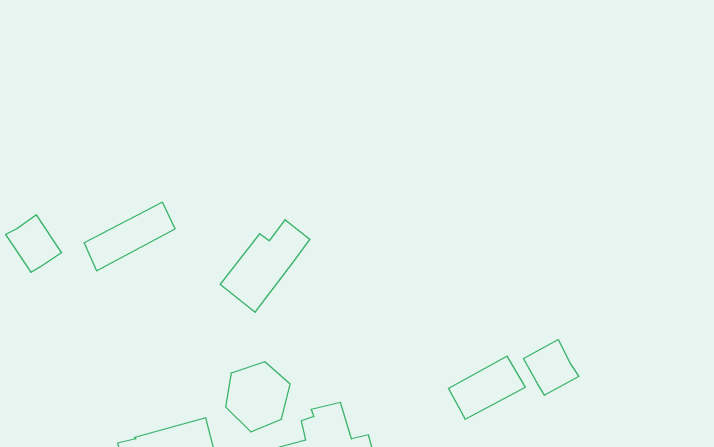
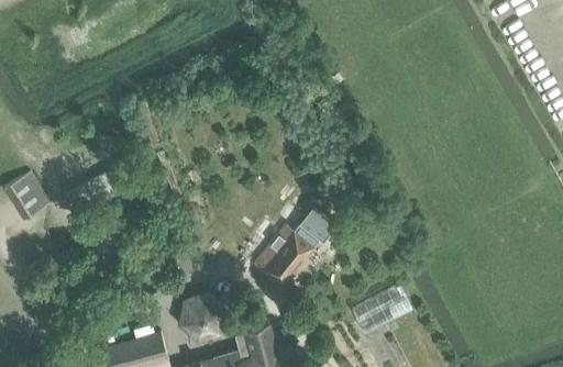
building: [220,220,310,312] -> [255,213,325,286]
building: [524,340,579,395] -> none

